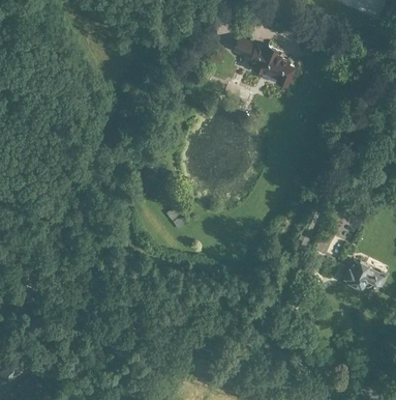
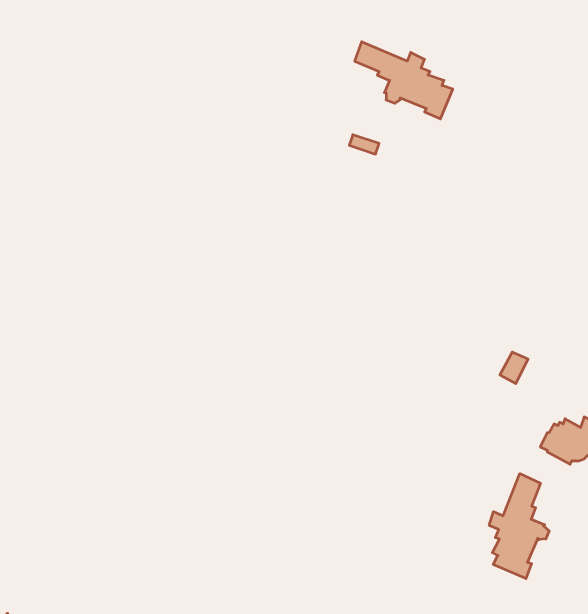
building: none -> [489,474,549,579]

